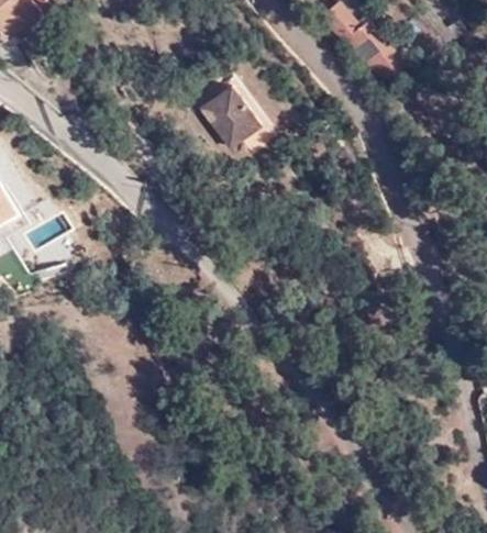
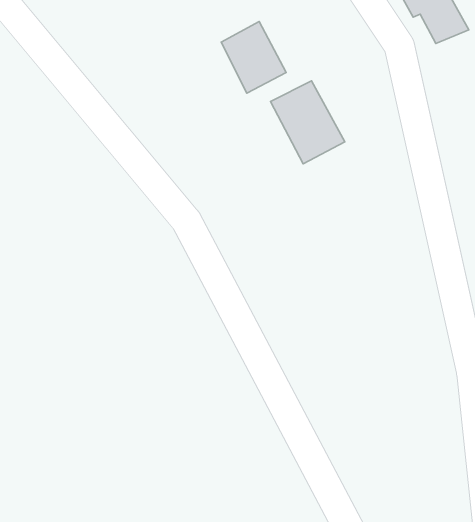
building: none -> [270,81,345,164]

